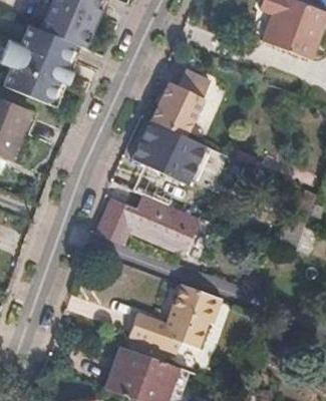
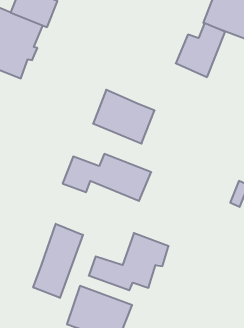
building: [150,73,208,135] -> [176,23,225,77]
building: none -> [33,224,83,298]

